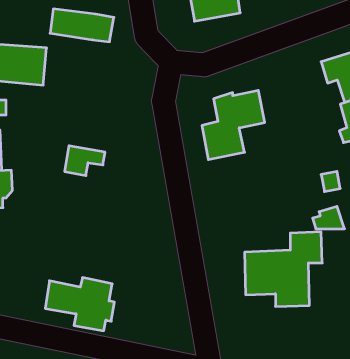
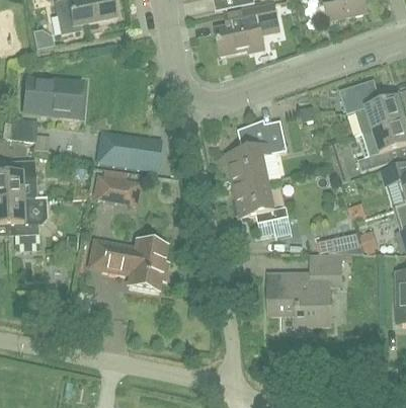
building: [50,9,114,42] -> [96,137,157,168]
building: none -> [233,179,292,235]
building: [45,278,114,331] -> [101,239,167,290]

